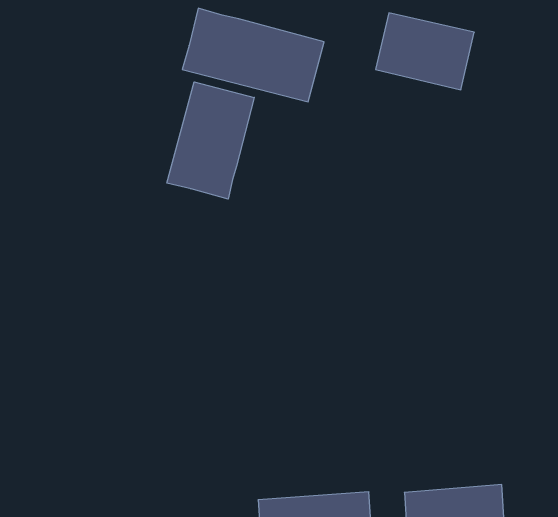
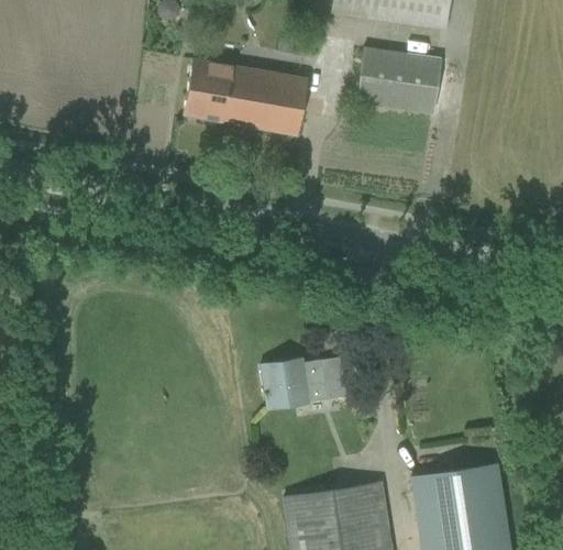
building: [167,82,254,199] -> none
building: none -> [261,355,352,409]

